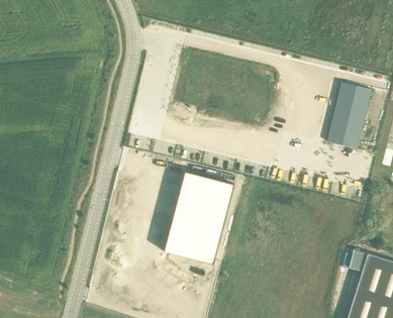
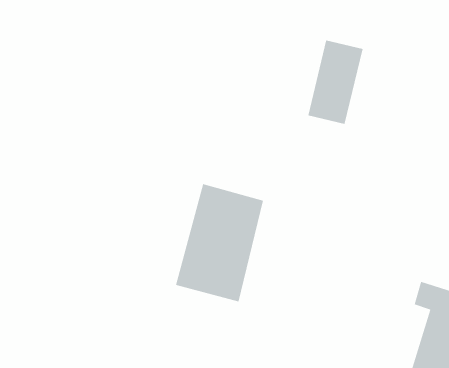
building: [328,84,372,149] -> [307,40,363,124]

